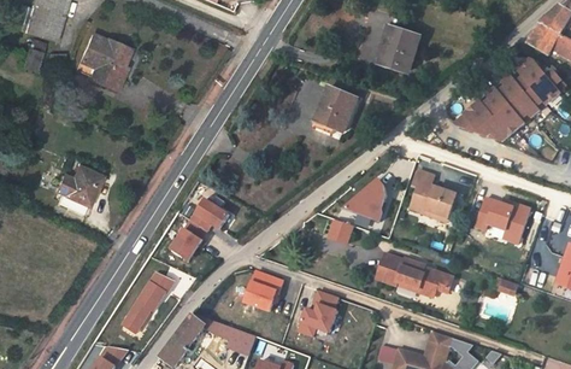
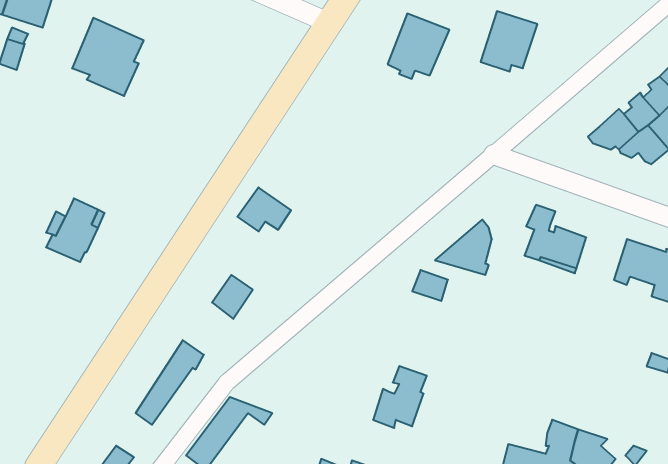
building: [312,87,358,135] -> [388,14,449,79]
building: [193,201,232,234] -> [237,187,291,231]
building: [376,254,453,297] -> none
building: [243,270,282,310] -> none
building: [217,326,254,355] -> none

